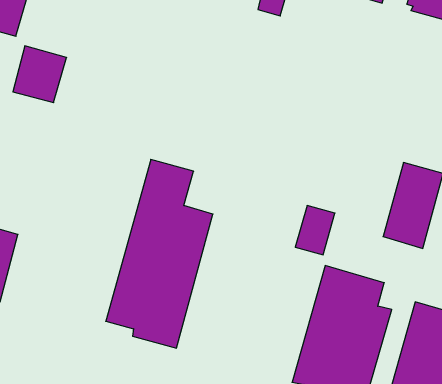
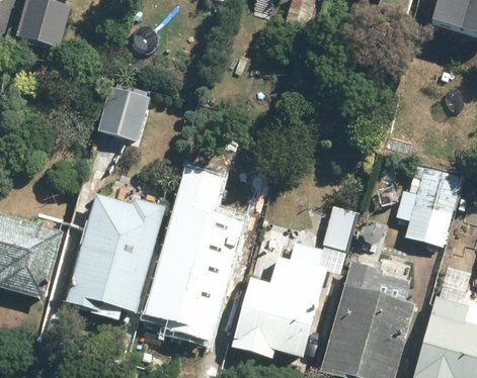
building: [13,46,67,103] -> [98,87,149,140]
building: none -> [66,197,163,310]
building: none -> [233,244,326,359]

